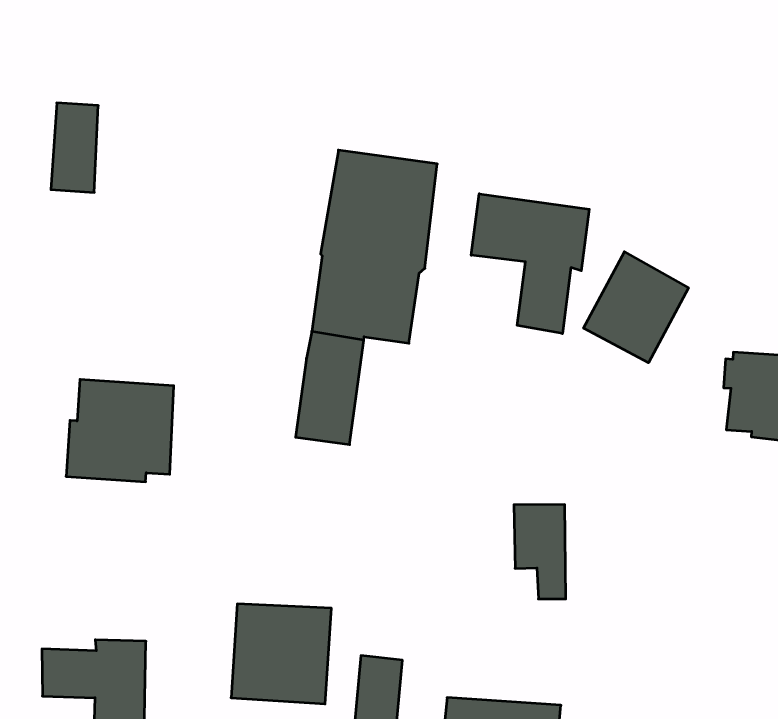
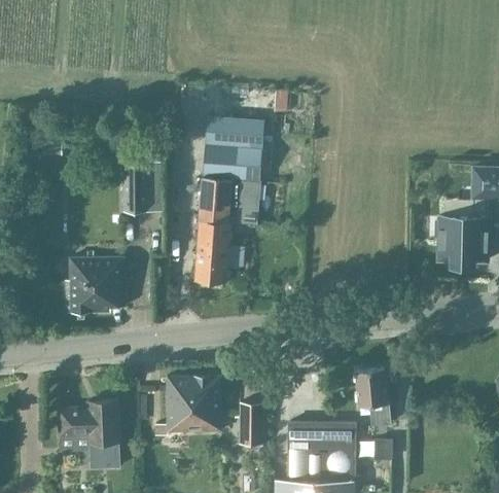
building: [51,103,98,192] -> [123,162,148,211]
building: [471,194,589,334] -> none
building: [584,252,688,363] -> none
building: [514,505,566,599] -> [356,368,389,423]

